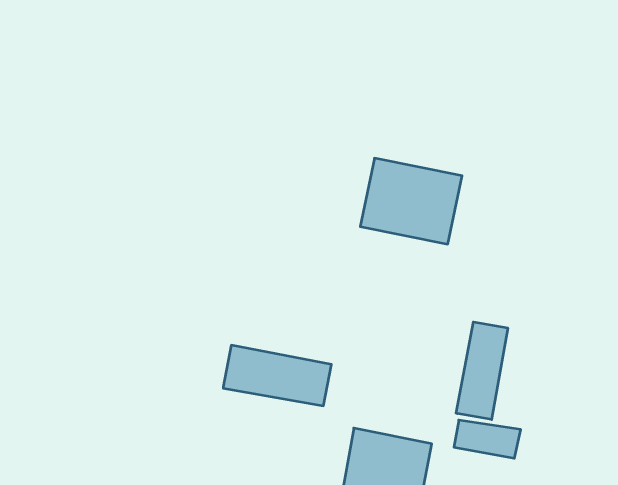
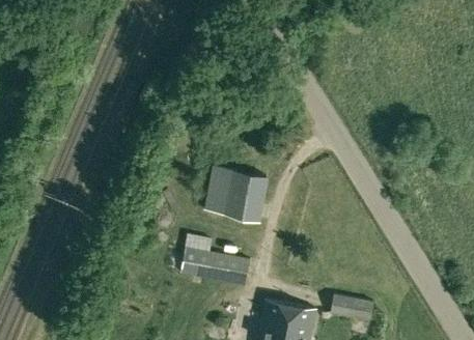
building: [360,158,462,244] -> [203,166,270,222]
building: [456,322,508,420] -> none

